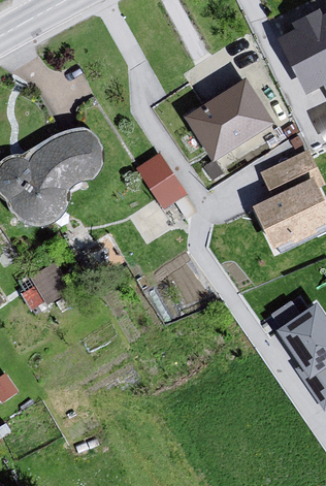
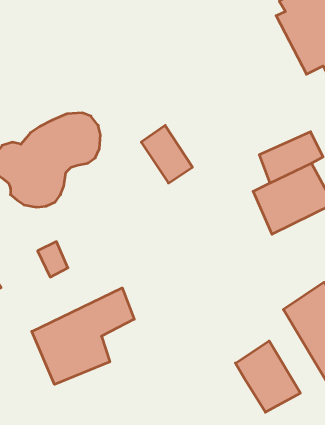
building: [182,80,270,164] -> none
building: none -> [32,288,134,384]
building: none -> [235,341,300,412]

